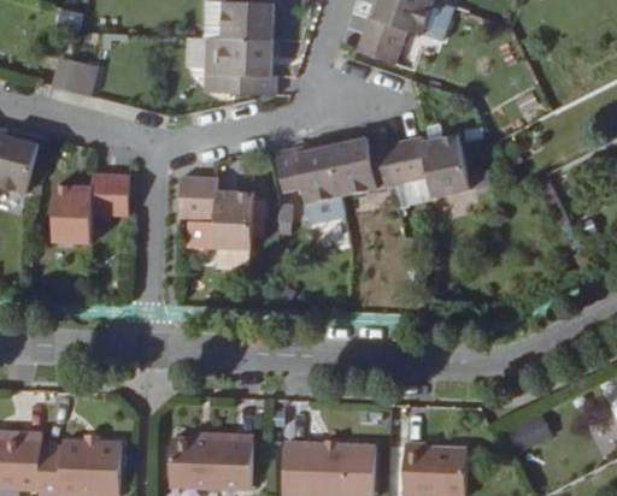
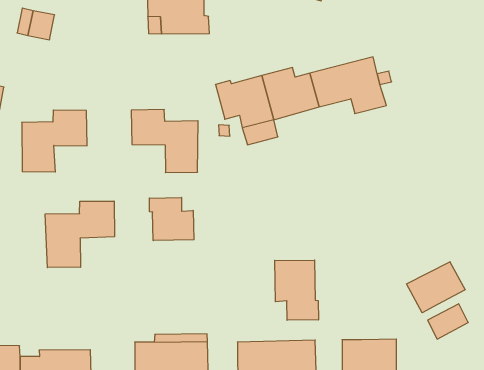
building: none -> [45,201,114,268]
building: none -> [149,197,194,241]
building: none -> [275,260,318,320]
building: none -> [407,262,465,313]

